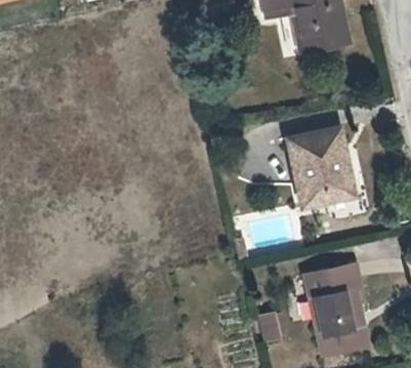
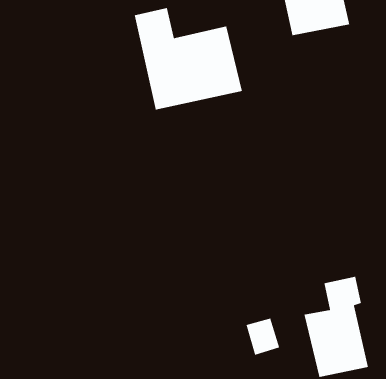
building: none -> [134,7,243,111]
building: [286,125,344,203] -> none

